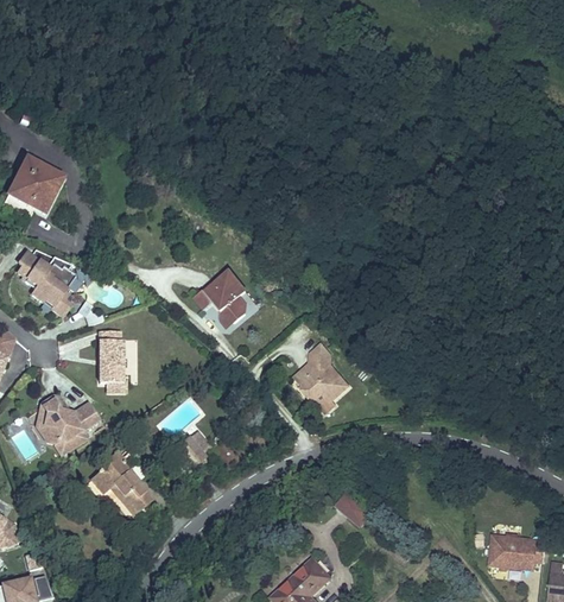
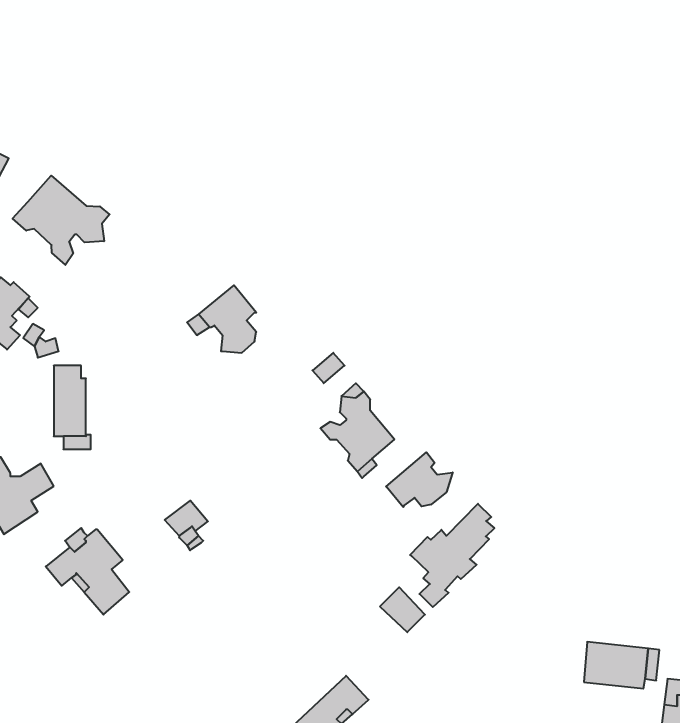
building: none -> [13,176,110,265]
building: none -> [386,452,453,507]
building: none -> [410,504,494,607]

